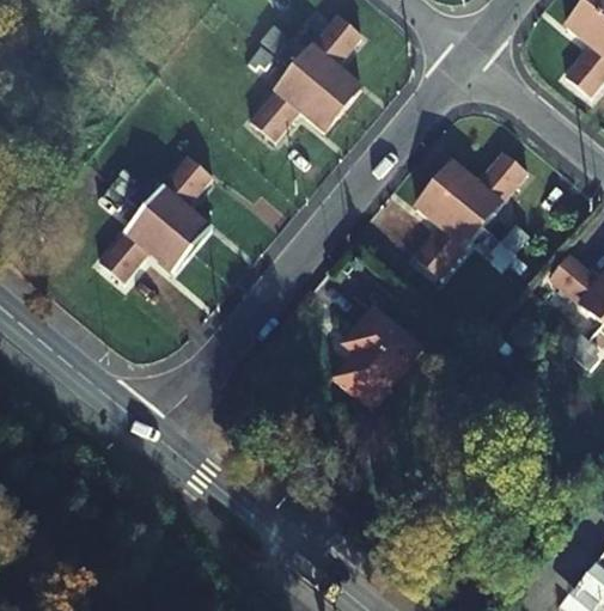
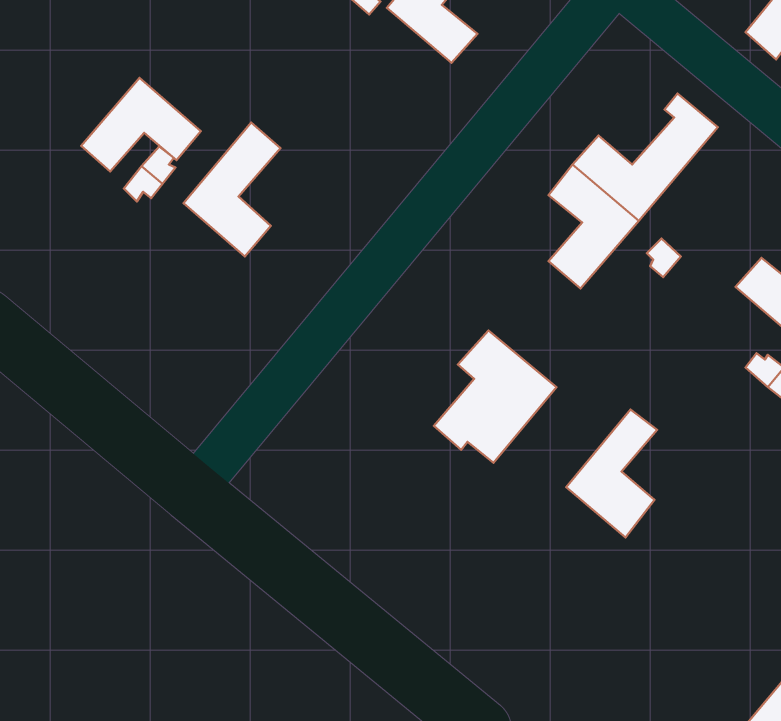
building: [251,68,342,139] -> none
building: [100,213,189,282] -> [81,78,201,172]
building: none -> [566,409,657,538]

